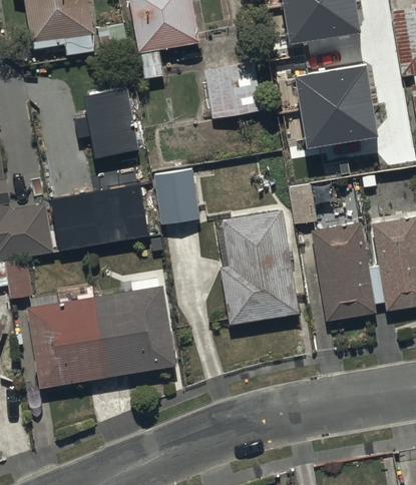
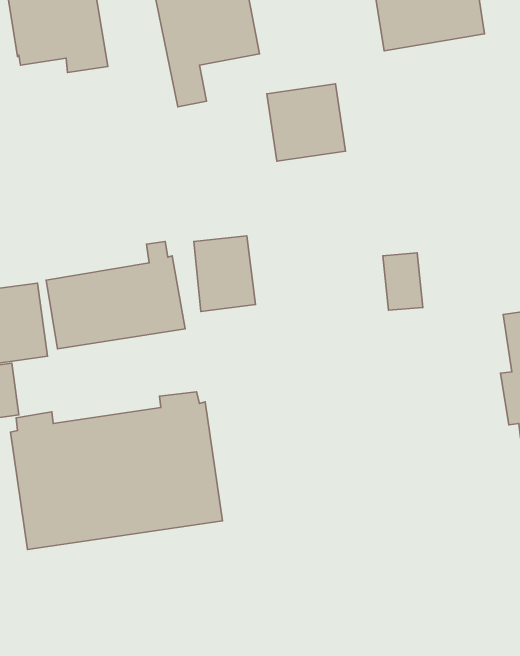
building: [295,62,377,145] -> none
building: [84,83,139,162] -> none
building: [223,210,299,325] -> none
building: [313,224,377,322] -> none

